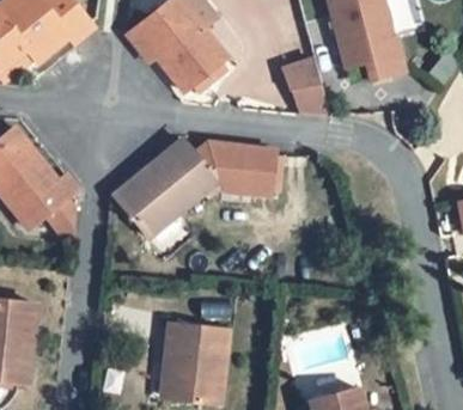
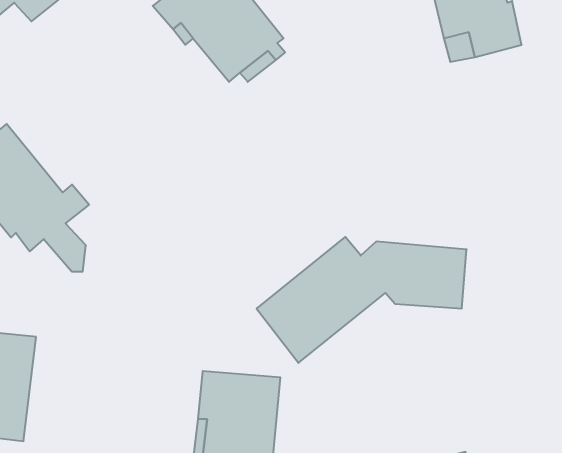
building: [281,49,329,108] -> none
building: [114,147,275,244] -> [257,237,467,363]

